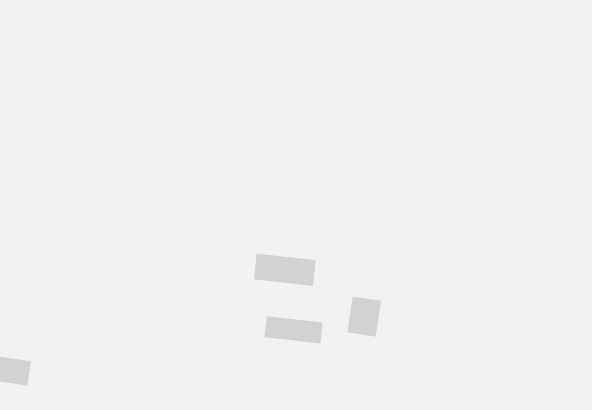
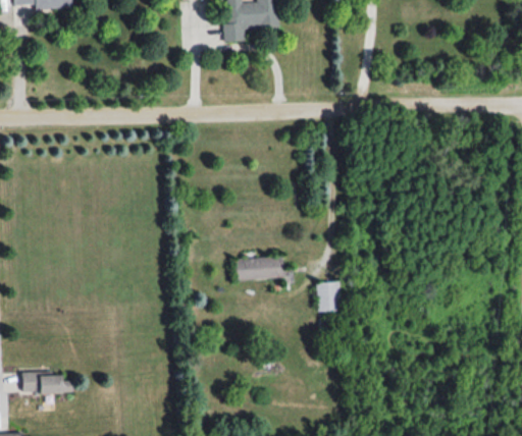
building: [264,316,323,344] -> none

